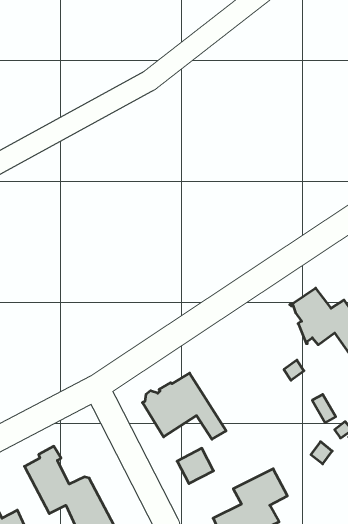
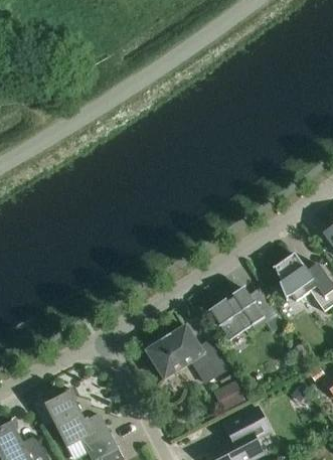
building: none -> [211,287,264,339]
building: [177,448,214,484] -> [214,379,245,410]

